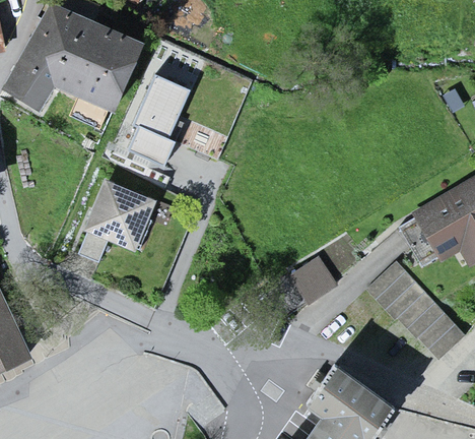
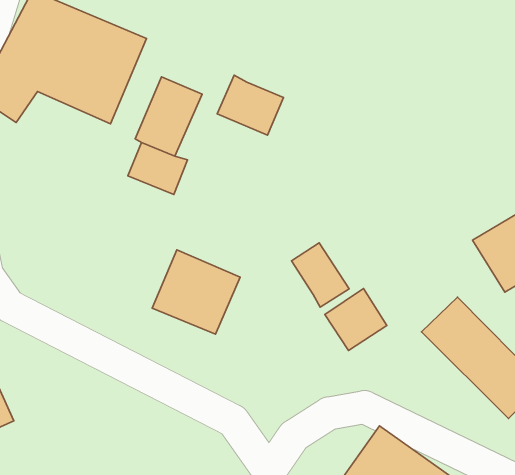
building: none -> [217,75,283,135]
building: [84,184,156,253] -> [152,250,240,334]
building: none -> [291,243,349,307]

